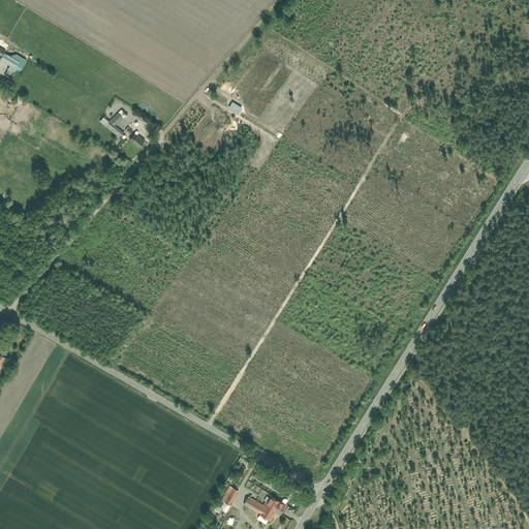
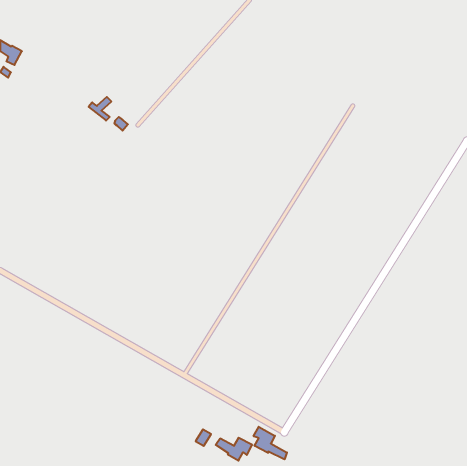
building: none -> [254,427,287,459]

